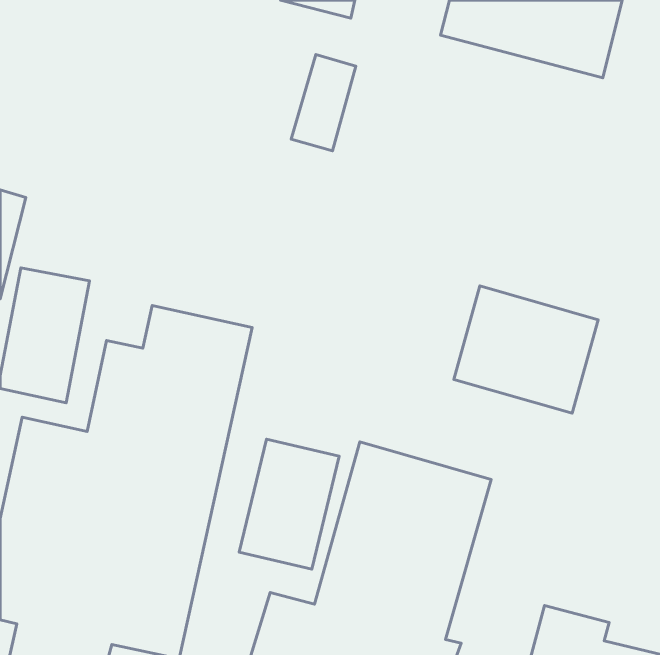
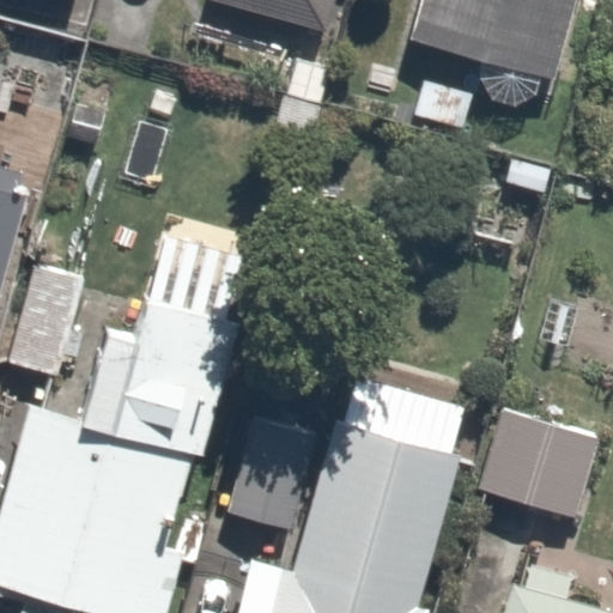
building: [454,286,598,413] -> [469,406,602,523]

